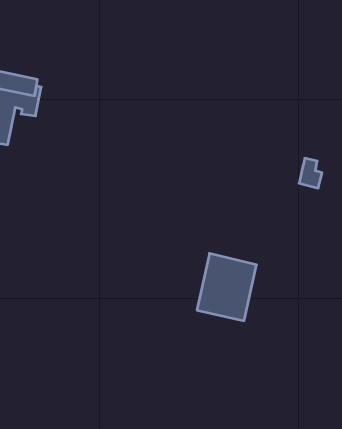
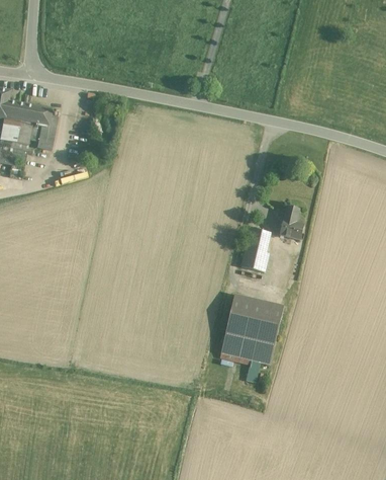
building: [299,158,322,188] -> [279,209,303,240]
building: none -> [240,228,269,272]

